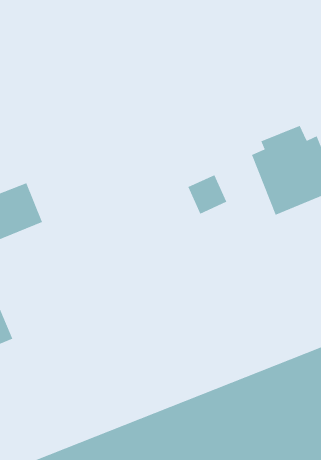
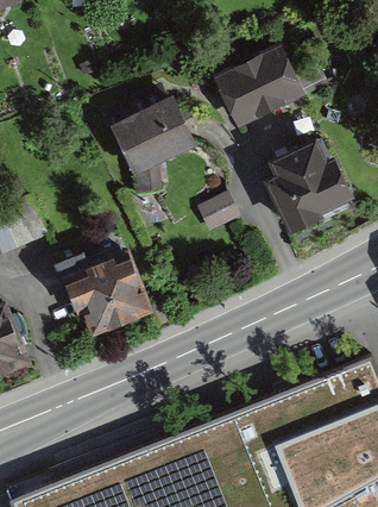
building: none -> [210,45,297,124]
building: none -> [107,92,196,179]
building: none -> [52,251,147,337]

